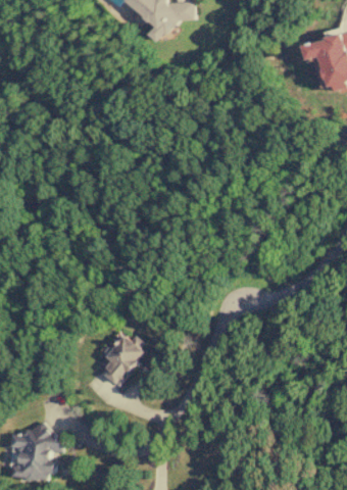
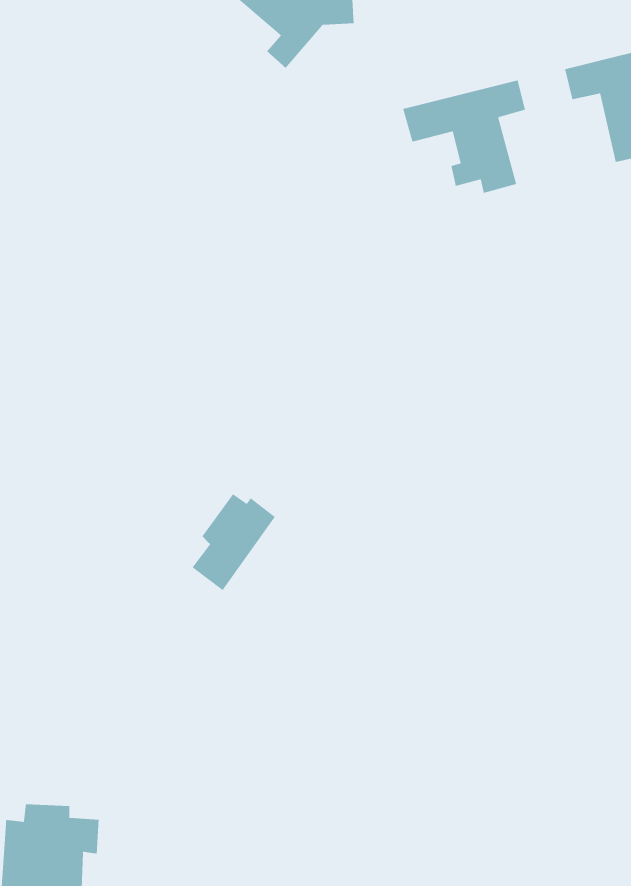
building: none -> [402,80,526,194]
building: [101,336,145,387] -> [192,493,276,591]

